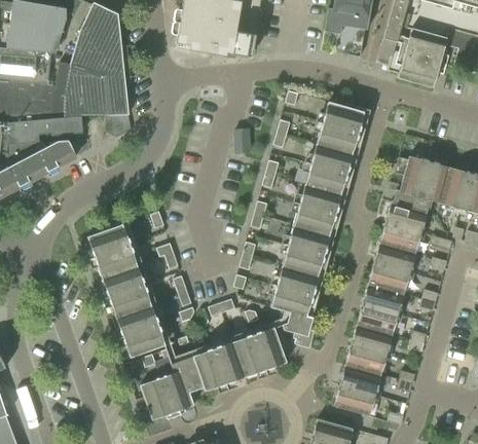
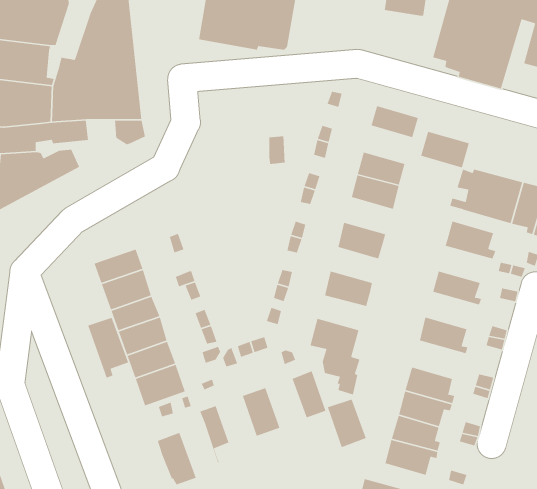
building: [316,120,358,152] -> [420,131,470,168]
building: [299,181,341,212] -> none
building: [379,222,426,253] -> none
building: [288,223,329,253] -> none
building: [368,261,414,292] -> none
building: [277,264,319,293] -> none
building: none -> [87,317,129,379]
building: [357,302,403,334] -> none
building: [233,334,267,376] -> [327,398,367,448]
building: [191,348,225,391] -> none
building: [160,372,193,418] -> none

